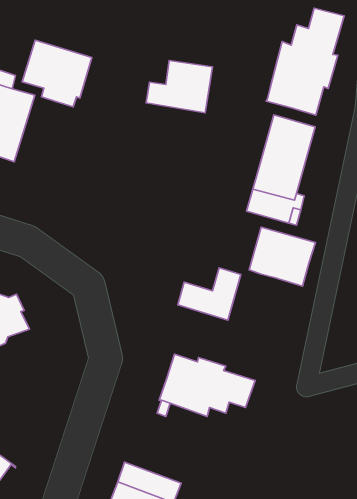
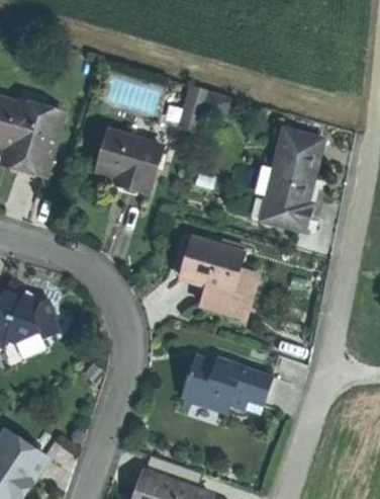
building: [266,8,344,115] -> none
building: [22,40,92,107] -> [97,132,162,193]
building: [249,227,316,286] -> [180,240,242,295]

